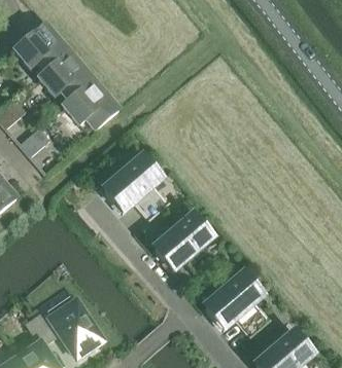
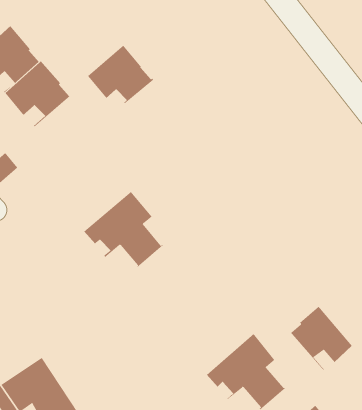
building: [63,79,117,127] -> [87,45,154,104]
building: [153,215,219,278] -> none
building: none -> [289,306,352,371]

